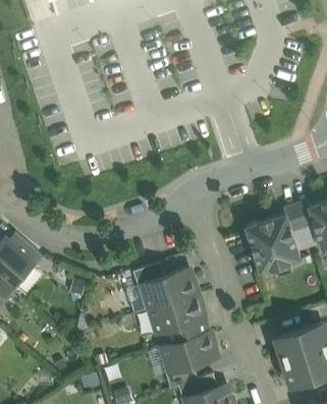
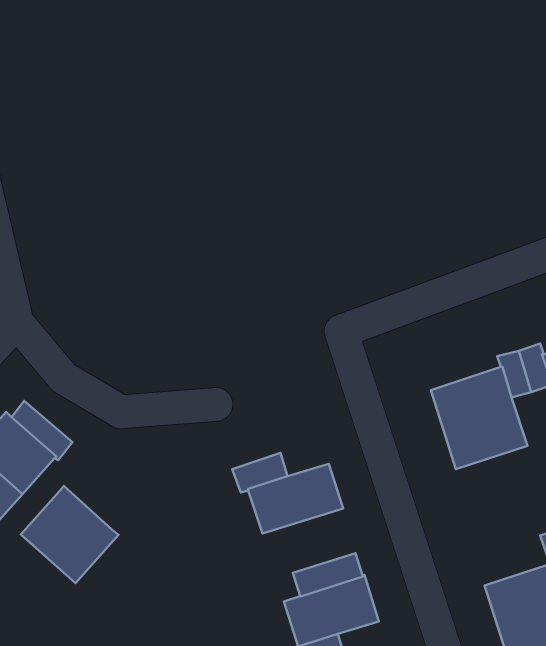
building: none -> [21,486,118,583]
building: [150,295,204,335] -> none

